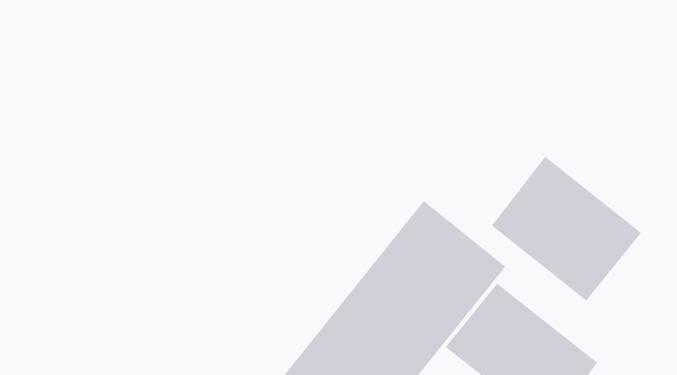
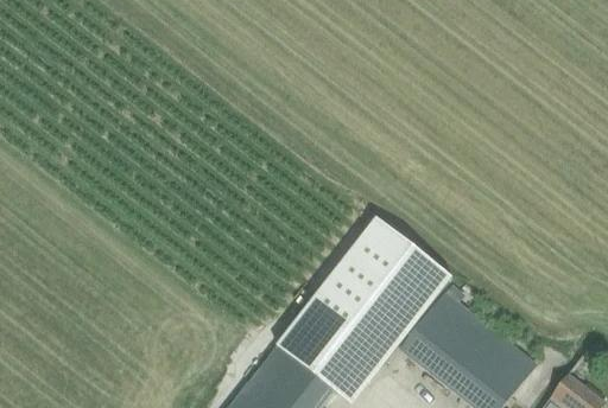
building: [491,156,642,301] -> none

